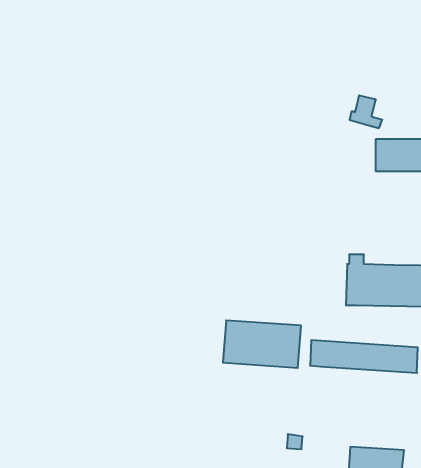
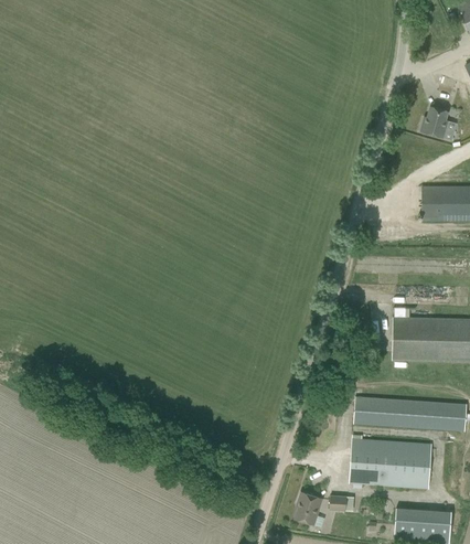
building: [349,95,382,128] -> [420,106,455,140]
building: [223,320,301,368] -> [350,438,431,488]
building: none -> [295,491,323,524]

